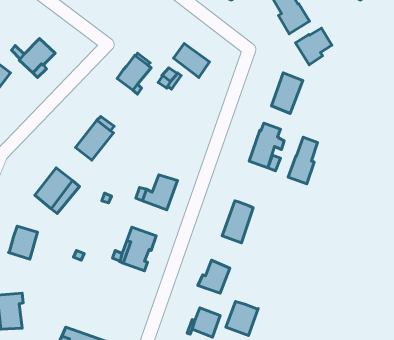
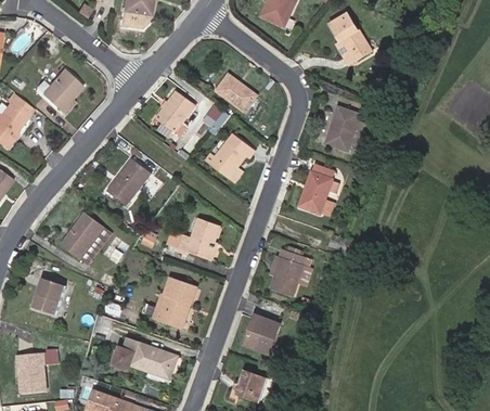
building: [296,28,332,65] -> none
building: none -> [210,136,256,181]
building: [288,137,317,184] -> none
building: none -> [119,339,178,375]
building: [226,302,258,336] -> none

